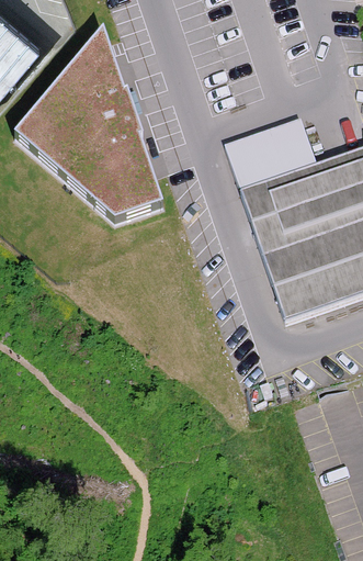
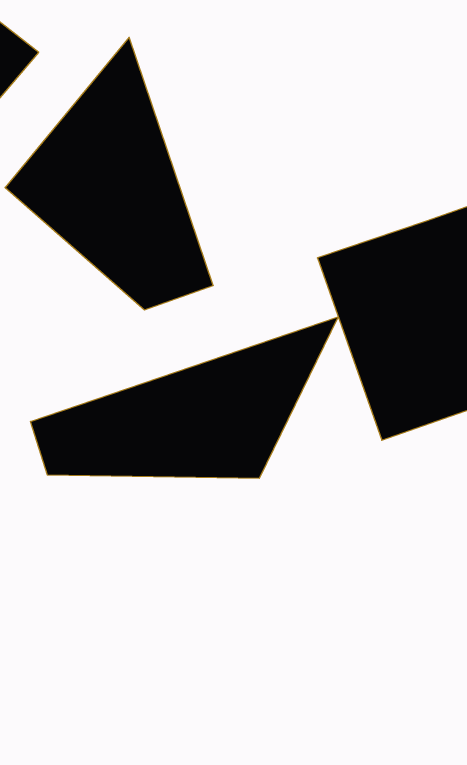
building: [224,115,317,188] -> none
building: none -> [31,317,338,478]

